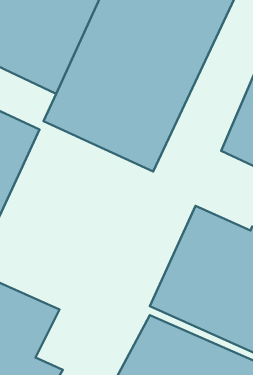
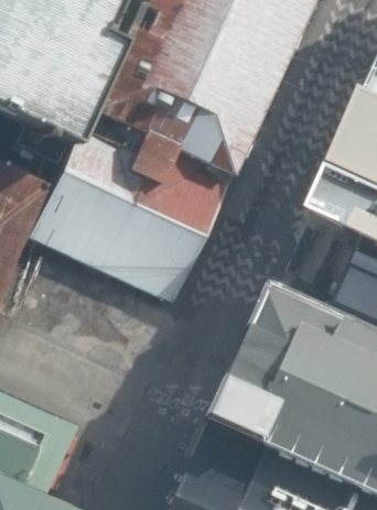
building: none -> [36,166,213,300]

